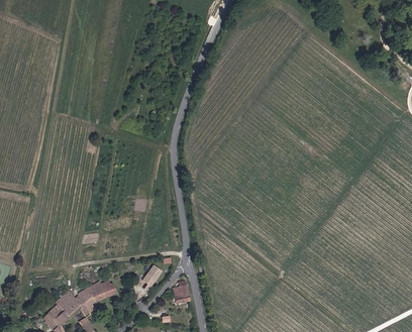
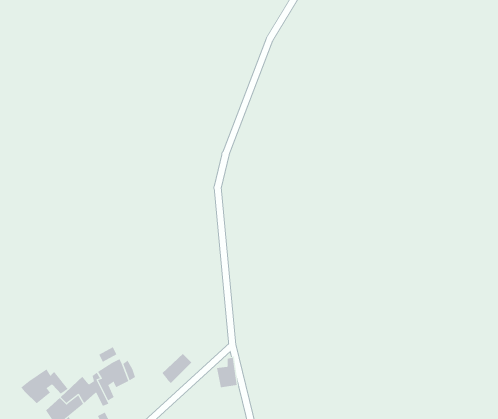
building: none -> [20,369,68,404]

